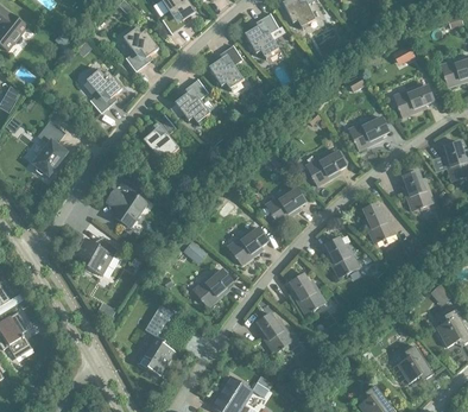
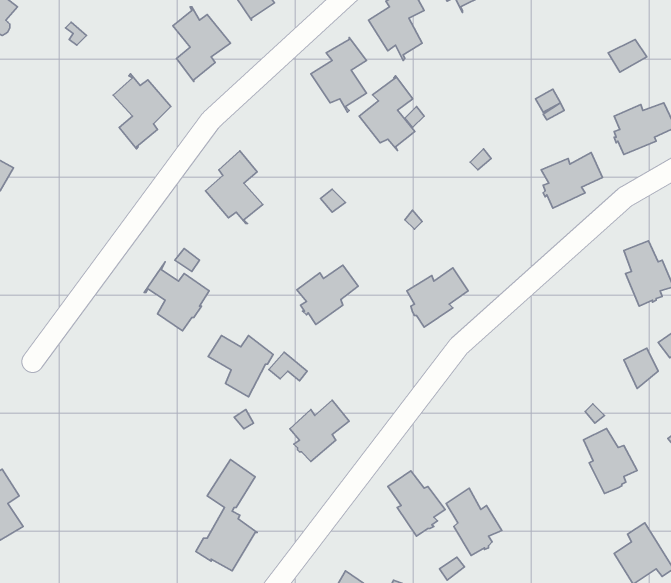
building: [175,77,209,123] -> [359,76,415,151]
building: [32,120,64,175] -> none
building: [308,150,346,185] -> none
building: [361,202,394,242] -> none
building: [229,227,267,264] -> [297,265,358,324]
building: [76,236,116,274] -> [208,335,273,397]
building: [324,236,358,277] -> [584,428,637,494]
building: [289,272,323,313] -> [446,488,502,555]

